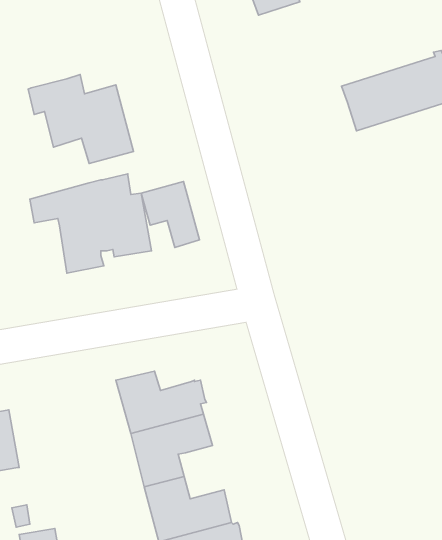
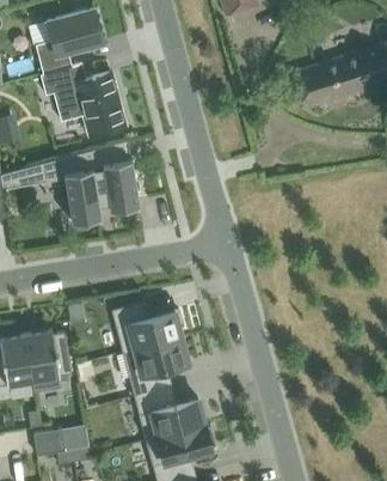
building: none -> [36,8,103,74]
building: [141,182,200,248] -> none
building: none -> [25,330,72,392]

